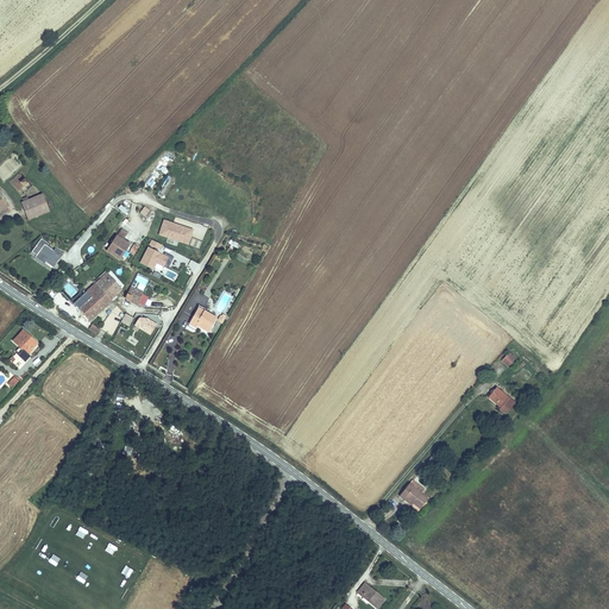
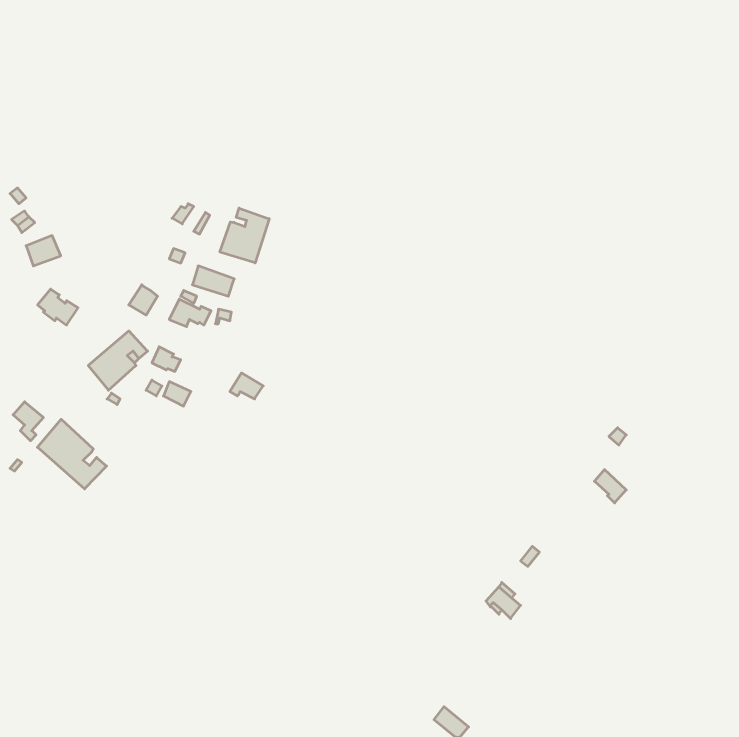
building: none -> [220,208,269,263]
building: none -> [37,419,107,489]

